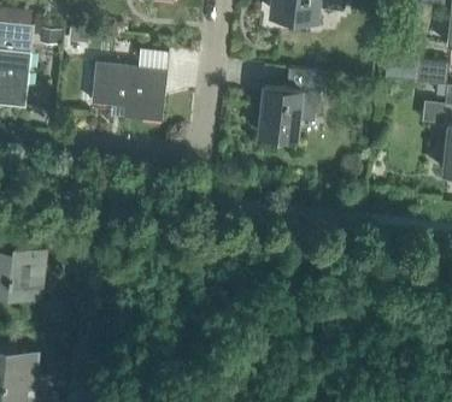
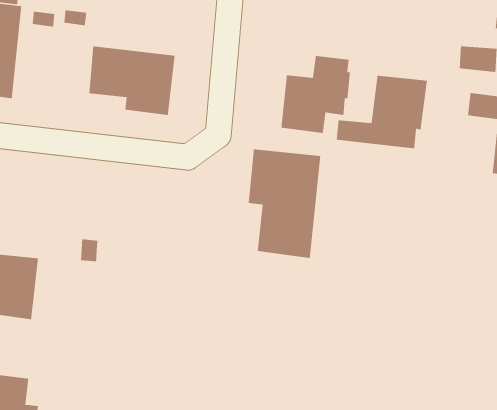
building: none -> [336,75,428,149]
building: none -> [248,148,321,259]

